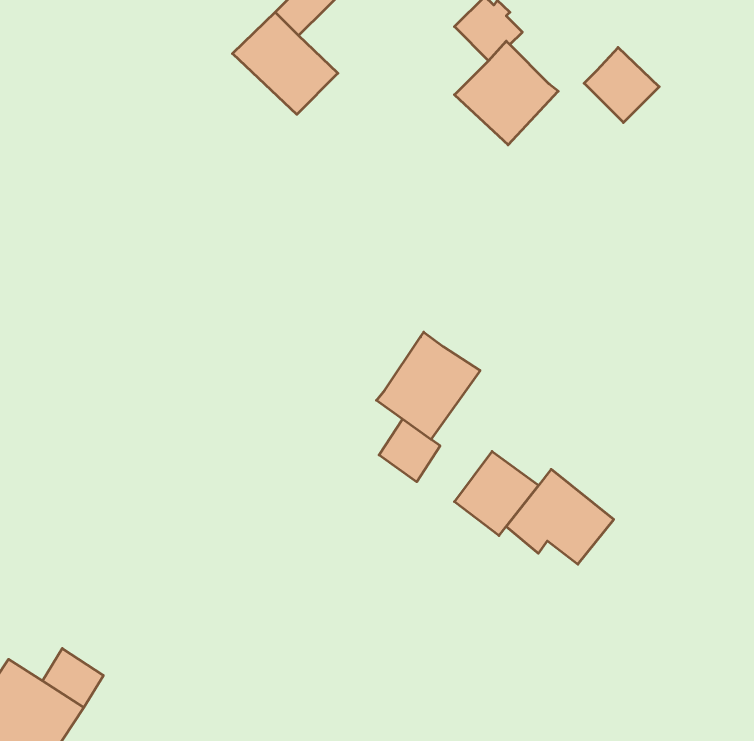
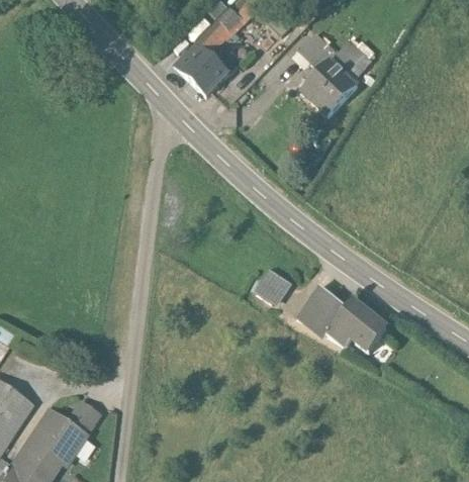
building: [584,47,659,123] -> [330,38,372,81]
building: [376,332,480,439] -> none

